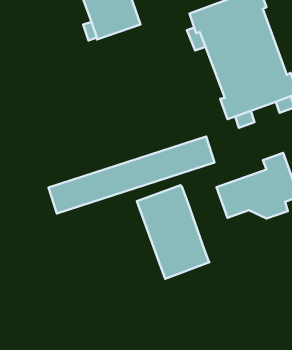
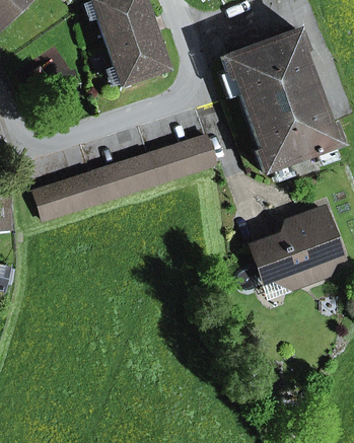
building: [49,137,214,214] -> [34,135,216,219]
building: [137,185,210,279] -> none

